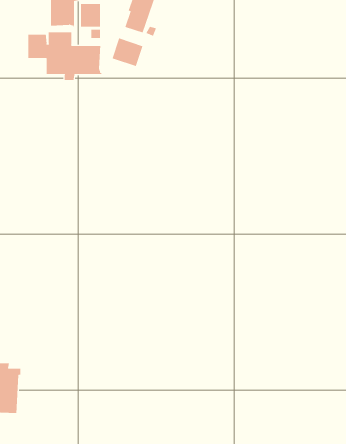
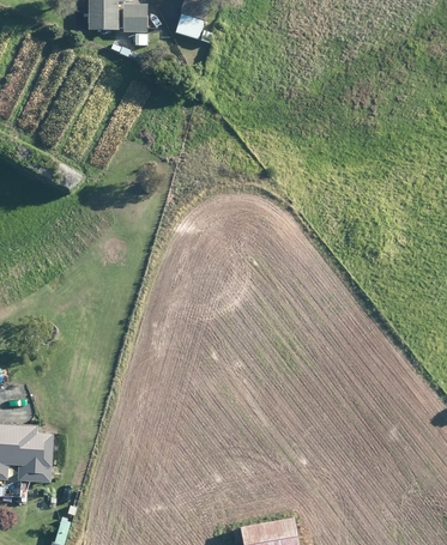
building: [28,32,102,81] -> none
building: [112,38,143,67] -> none

